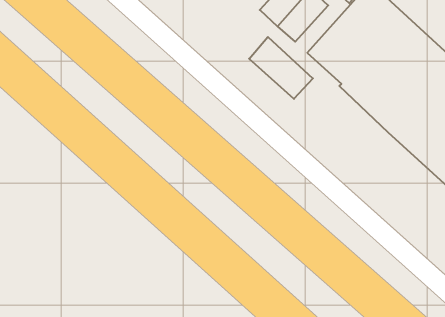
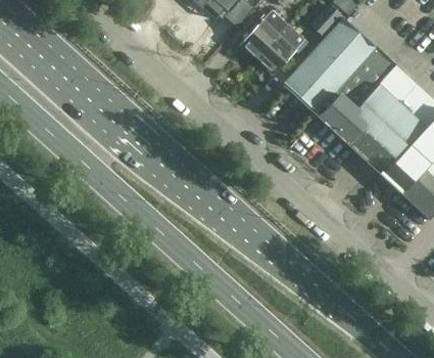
building: [249,37,313,99] -> none

